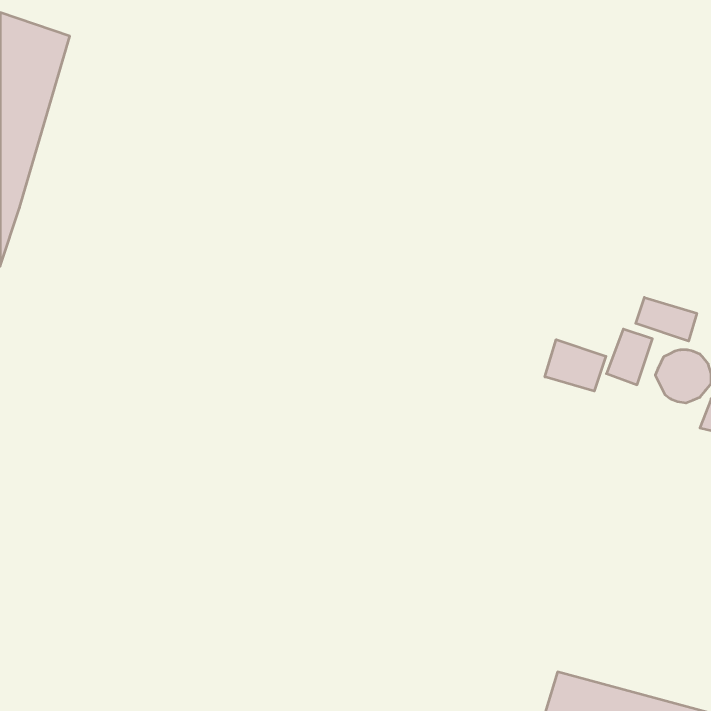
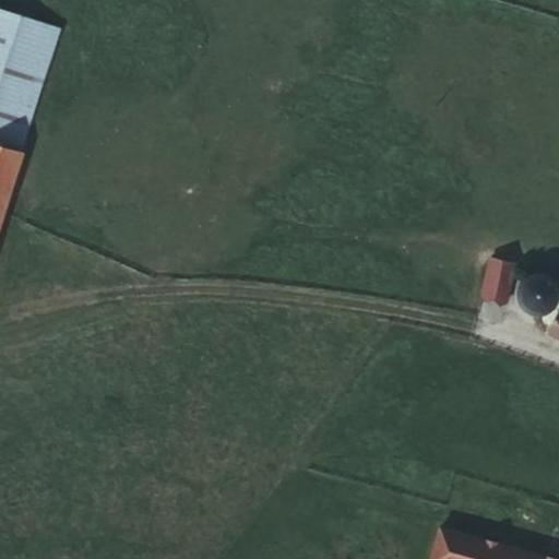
building: [636,297,697,341] -> none
building: [545,340,606,391] -> none

